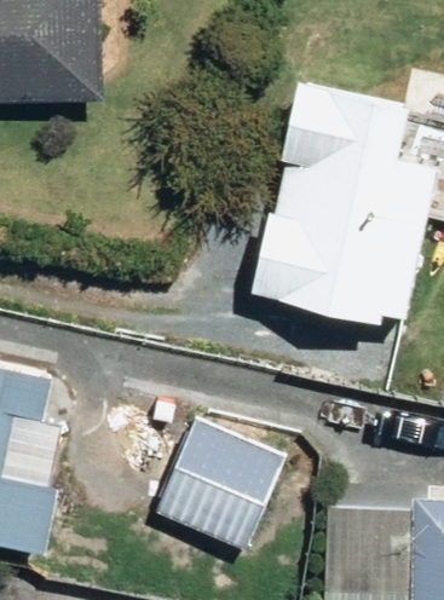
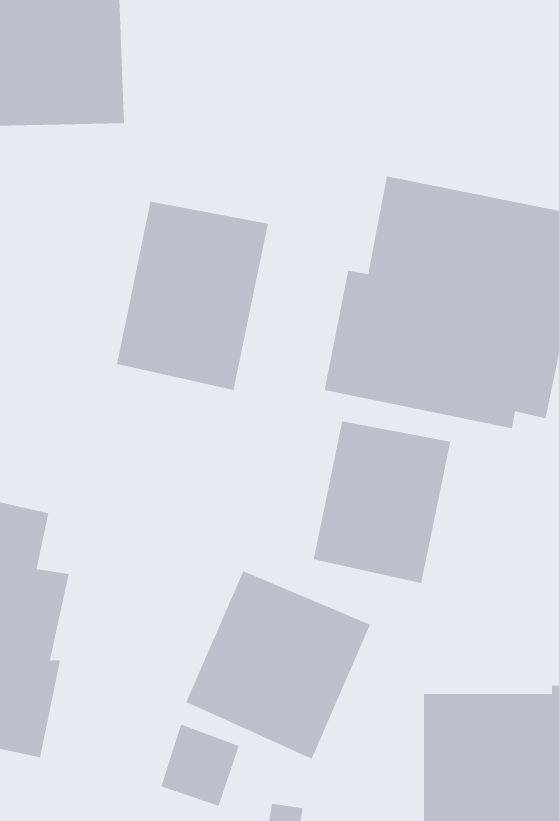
building: none -> [116,201,268,391]
building: none -> [313,421,451,584]

